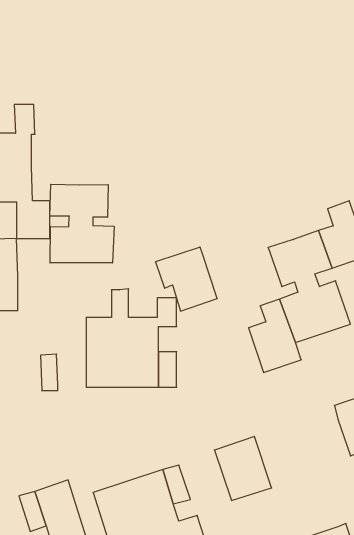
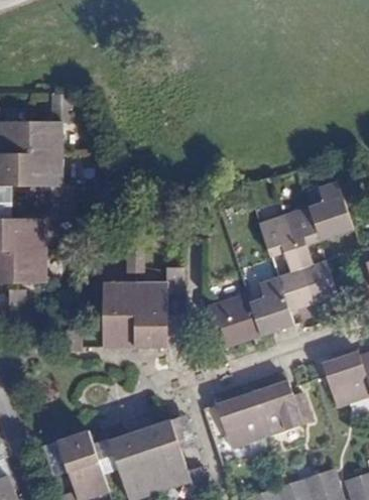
building: [50,184,114,263] -> none
building: [155,247,217,311] -> [206,289,260,346]
building: none -> [252,379,303,436]

